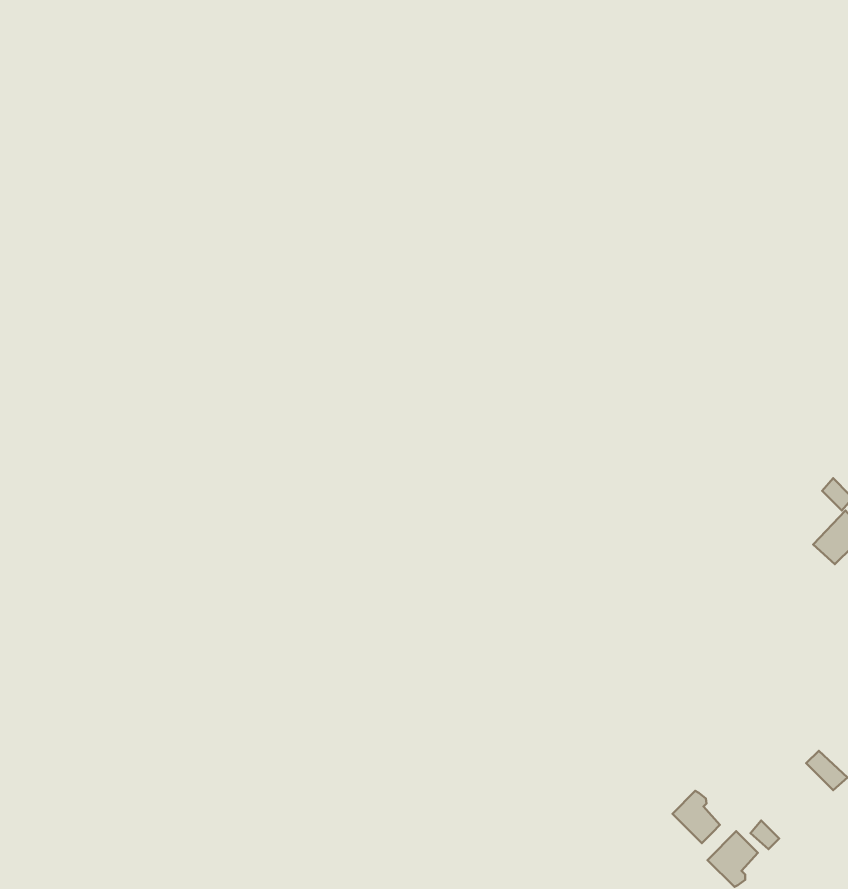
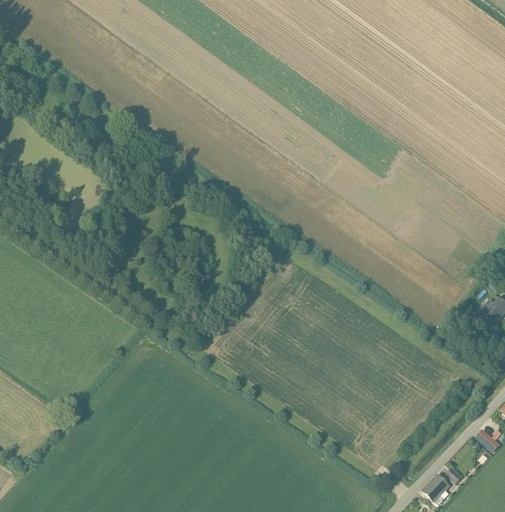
building: [672,791,720,843] -> none

